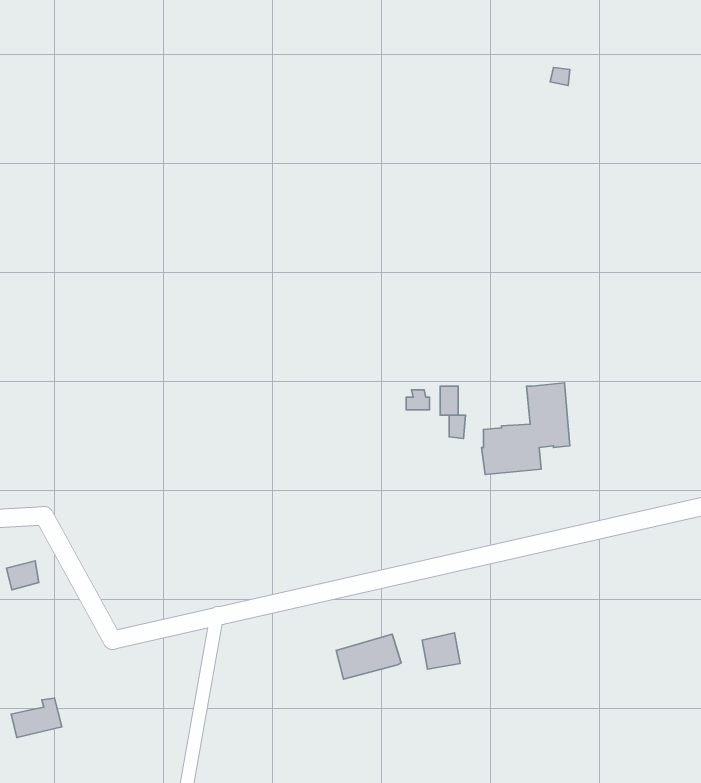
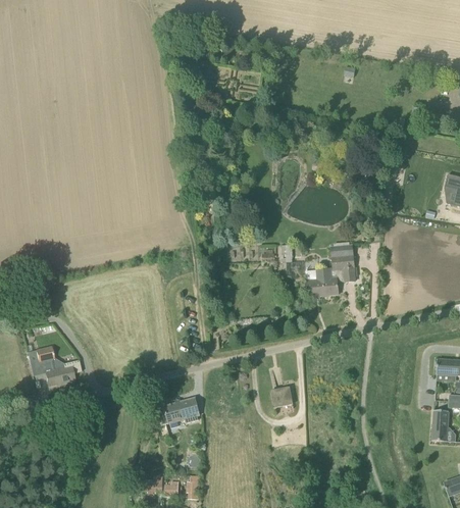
building: [336,634,401,679] -> [162,398,199,423]
building: [11,698,62,738] -> [46,363,74,386]

